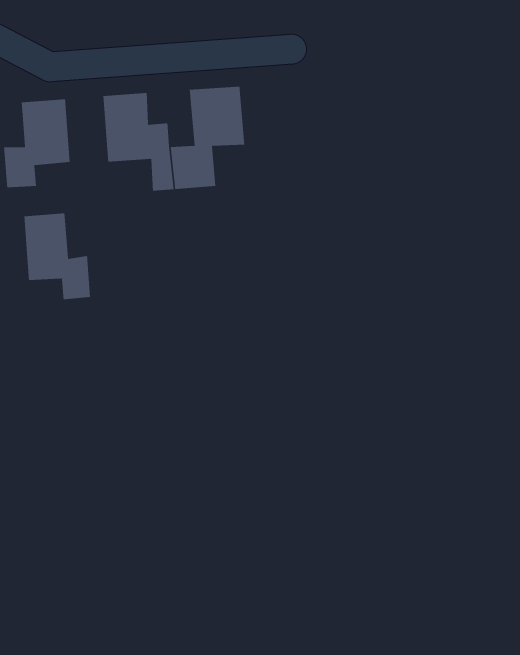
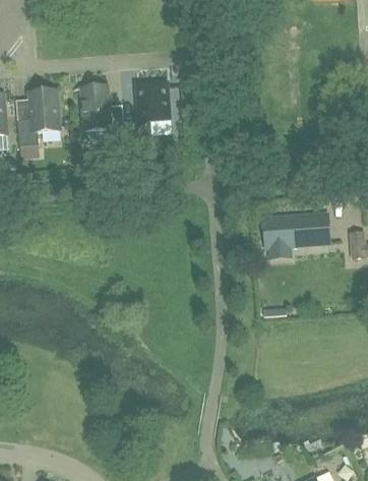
building: [23,213,91,300] -> none
building: none -> [262,213,329,245]

